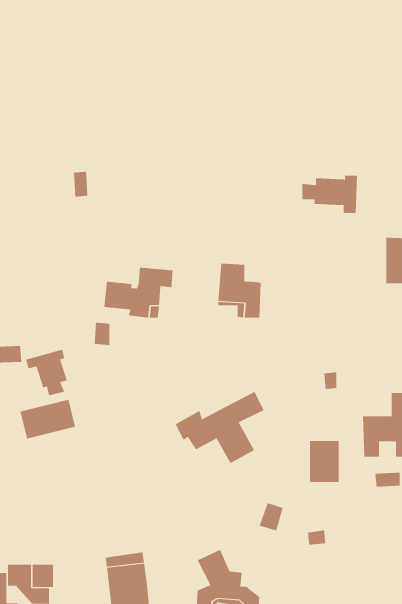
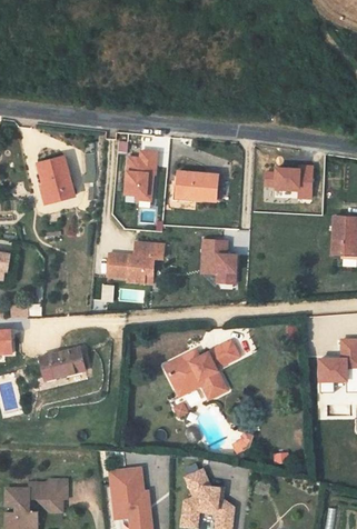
building: none -> [127,149,158,199]
building: none -> [36,157,71,204]
building: none -> [178,170,218,199]
building: [26,349,68,396] -> none
building: [309,440,339,483] -> none

